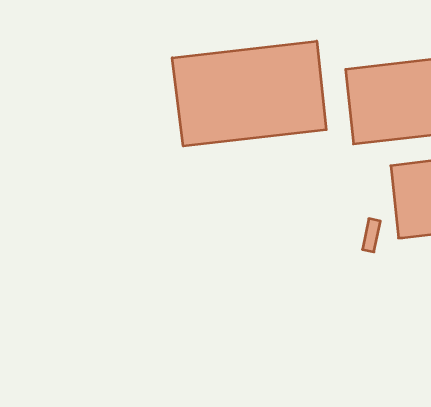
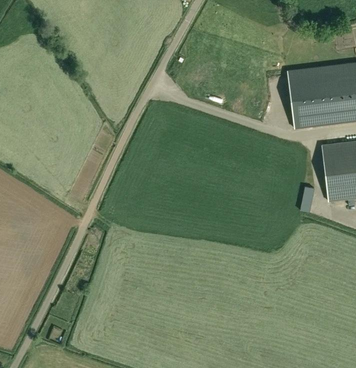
building: [172,41,326,146] -> none

